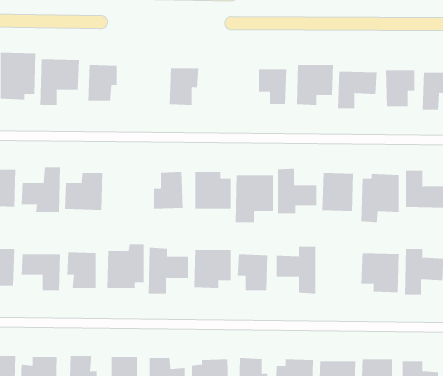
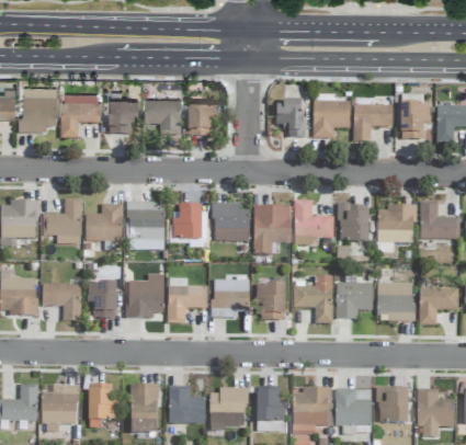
building: none -> [144,98,181,133]
building: none -> [127,202,164,249]
building: none -> [336,275,373,319]

